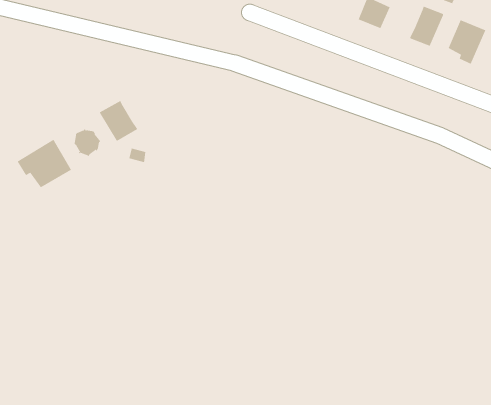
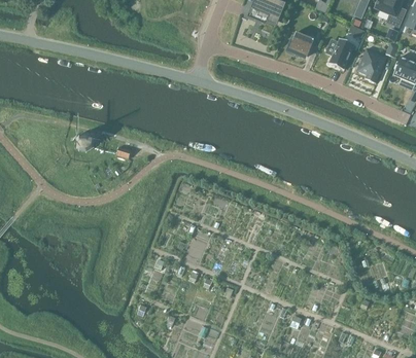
building: [100,100,138,142] -> none
building: [17,139,72,188] -> none

